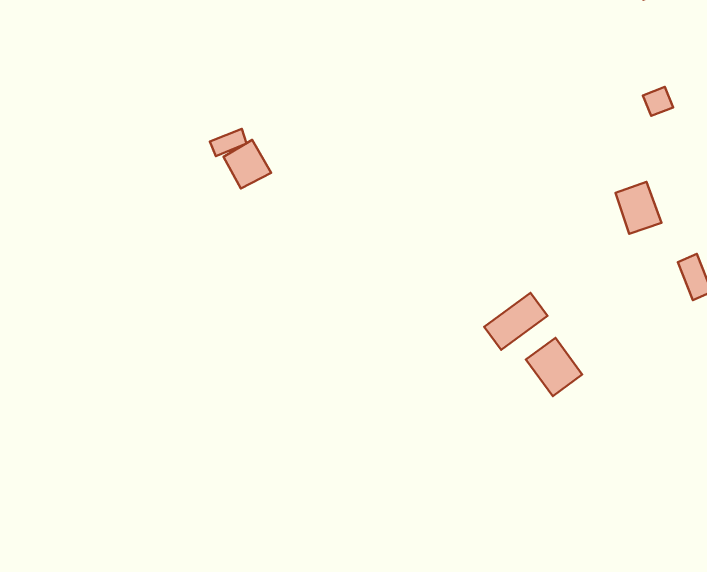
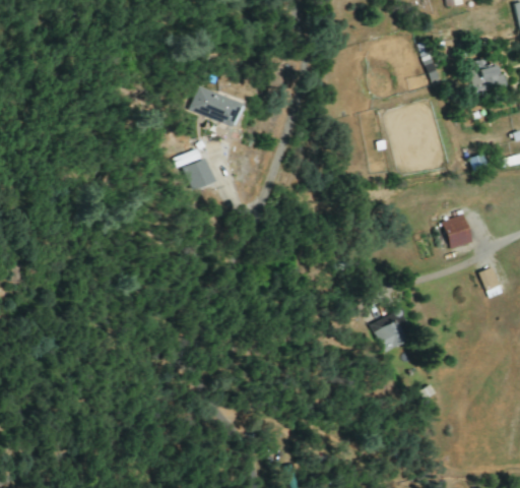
building: none -> [191,85,241,126]
building: [484,293,548,350] -> none

